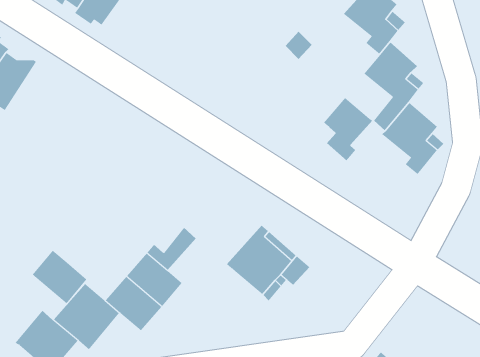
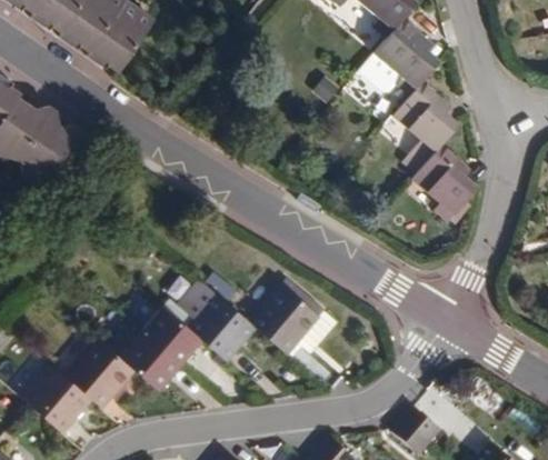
building: none -> [18,107,74,179]
building: [323,97,373,161] -> none
building: none -> [188,291,256,358]
building: [32,250,87,304] -> none

